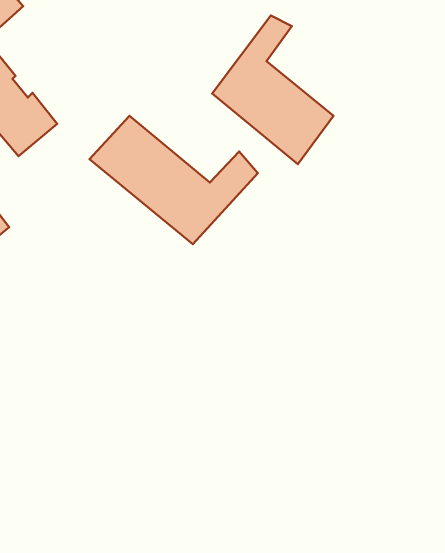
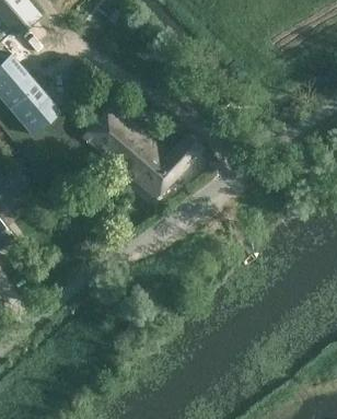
building: [212,15,334,164] -> none

